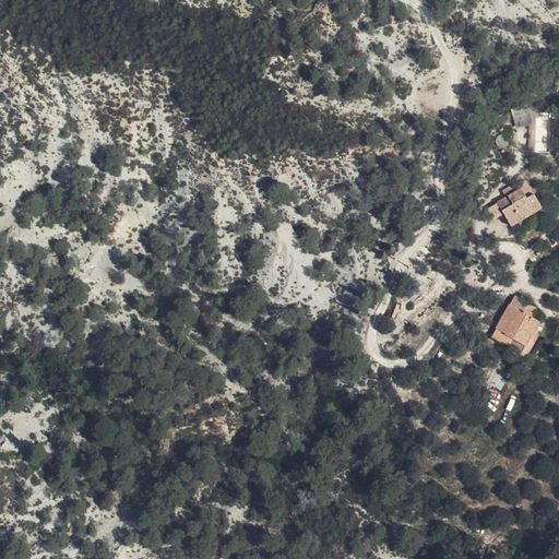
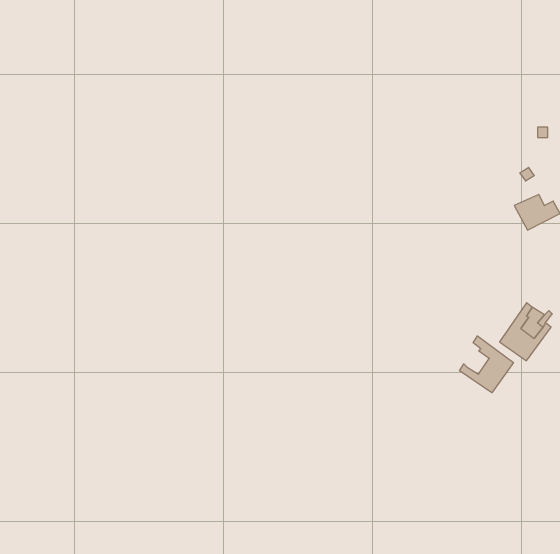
building: none -> [459,336,513,393]

